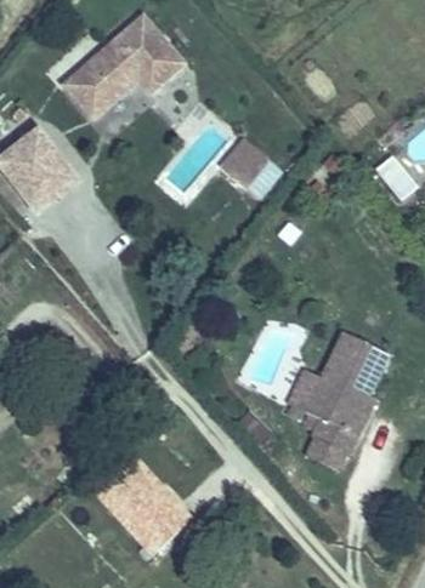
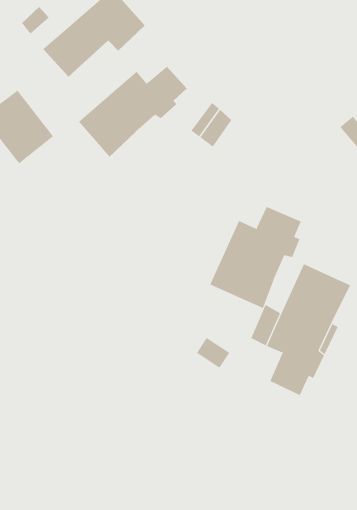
building: none -> [78,66,188,157]
building: none -> [210,206,301,309]

